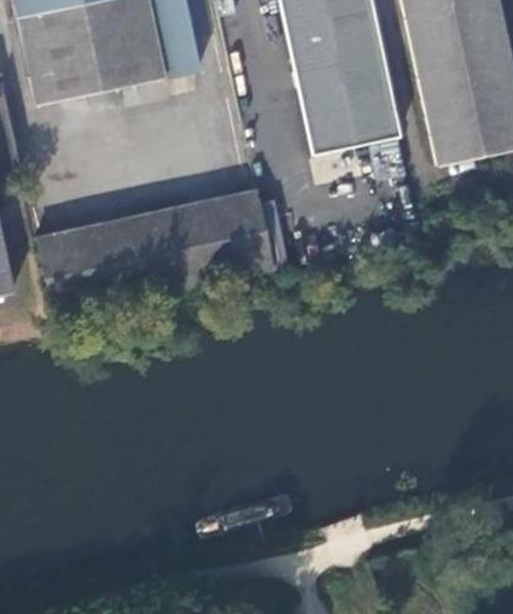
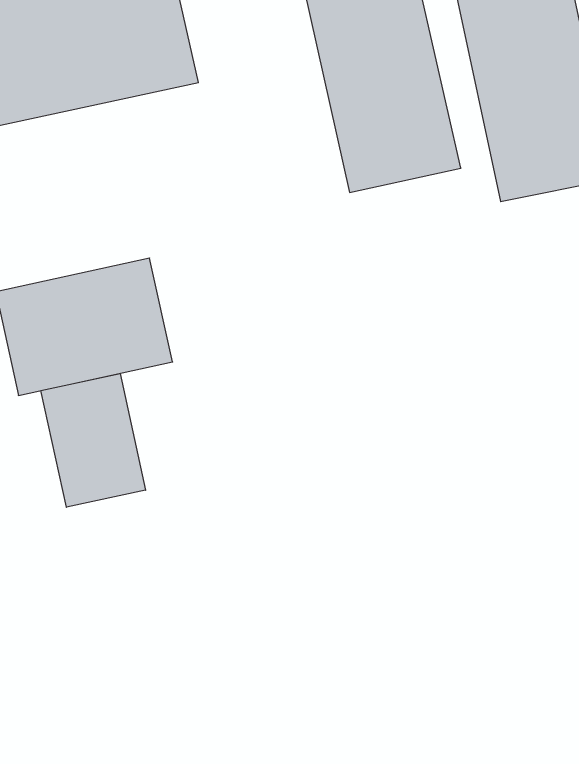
building: [158,187,270,290] -> none
building: none -> [41,374,146,507]

